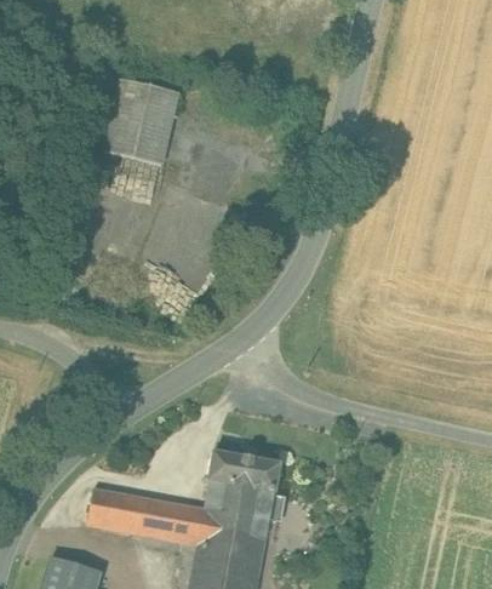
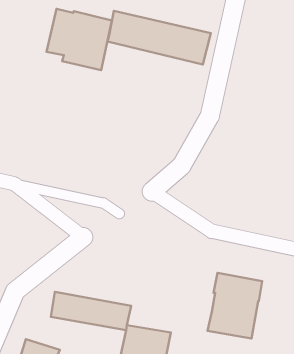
building: none -> [107,11,211,65]
building: [201,452,281,548] -> [208,273,262,338]

